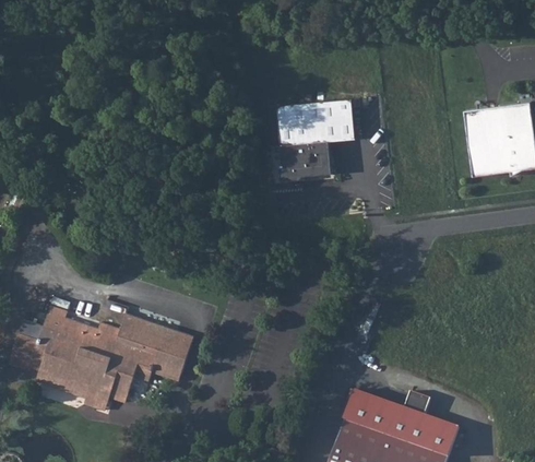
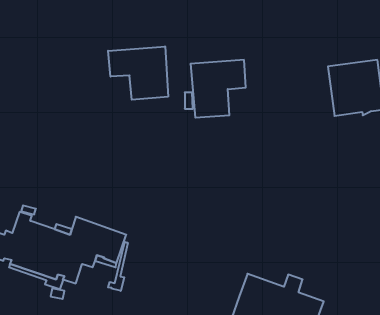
building: none -> [108,46,168,100]
building: none -> [108,242,128,291]

